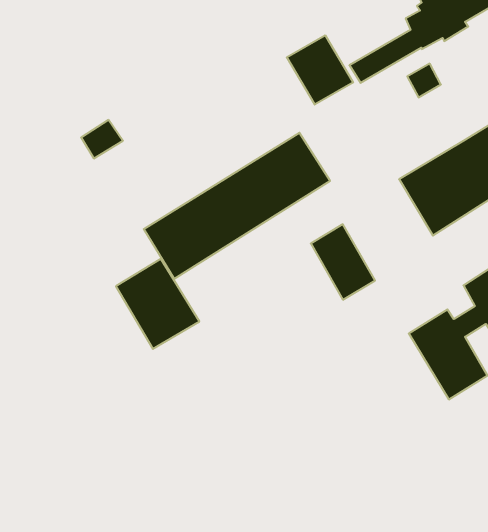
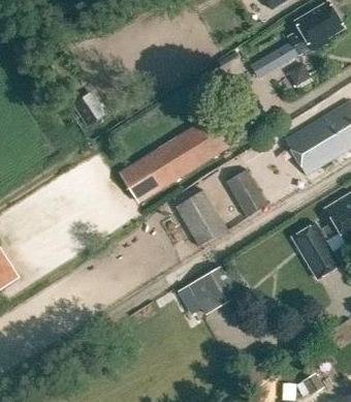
building: [287,35,353,105] -> none
building: [116,259,199,349] -> [174,189,228,247]
building: none -> [188,266,237,314]

